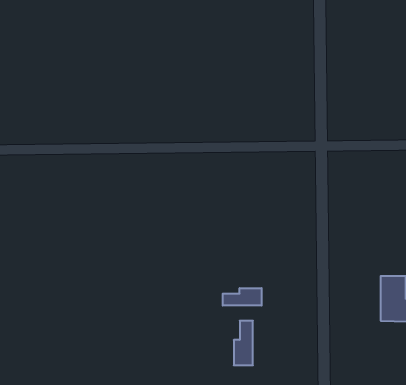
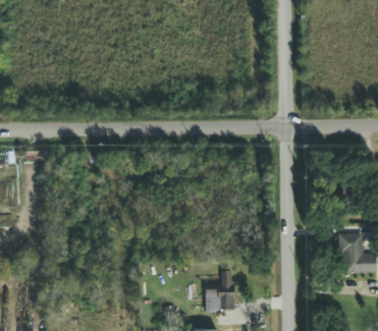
building: [223,288,262,306] -> none

